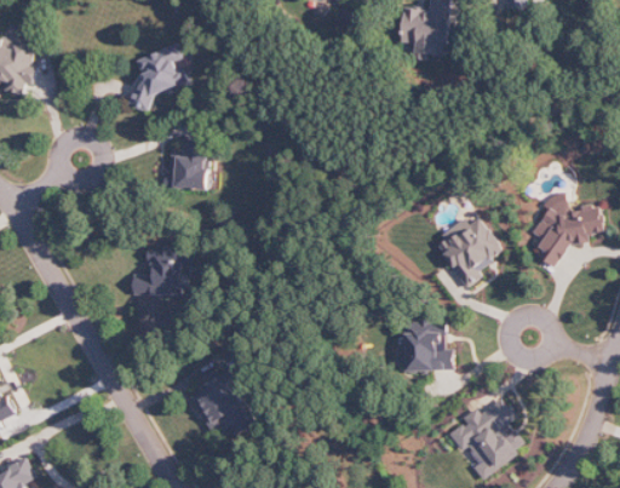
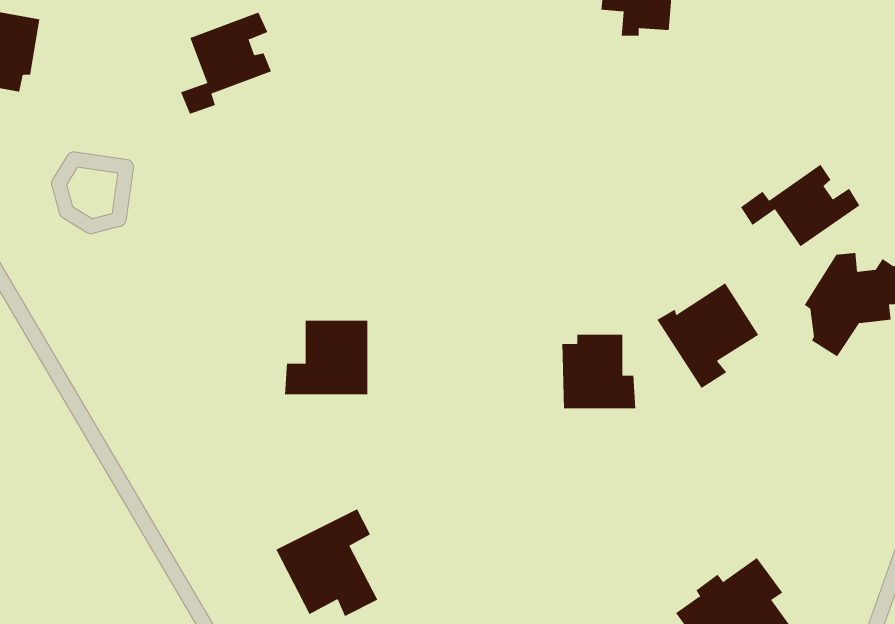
building: [172,139,207,190] -> none
building: none -> [740,164,860,247]
building: [131,247,185,295] -> [284,320,368,395]
building: [403,323,452,372] -> [561,334,636,409]

